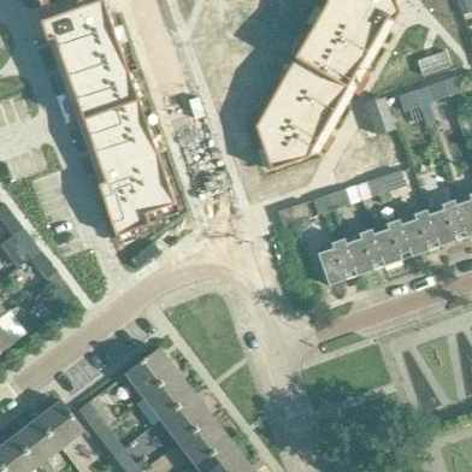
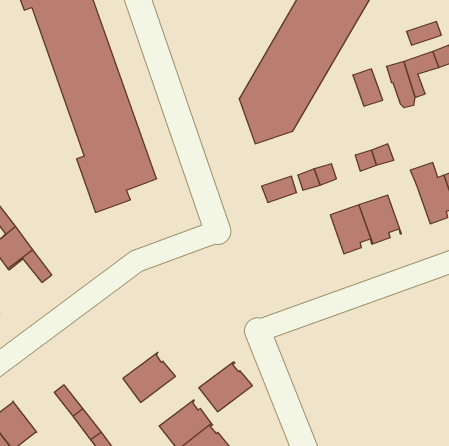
building: [397,210,438,256] -> none
building: [315,238,355,285] -> none
building: [124,347,176,396] -> none
building: [159,394,211,442] -> [199,362,252,412]
building: [36,400,83,448] -> none

